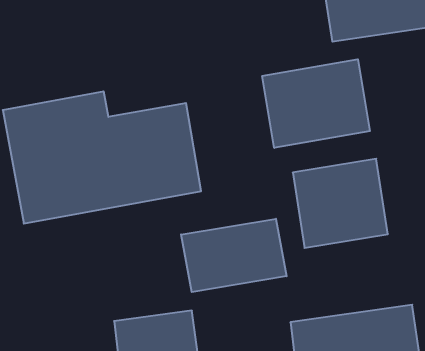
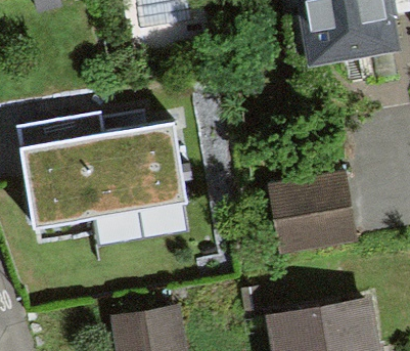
building: [262,59,370,148] -> none
building: [181,219,287,292] -> none

